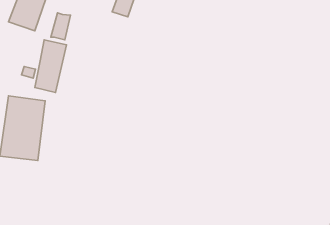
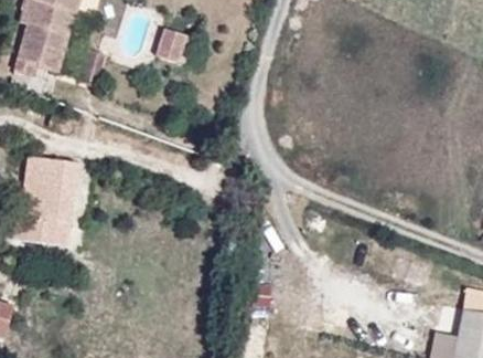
building: [35,40,67,92] -> none

